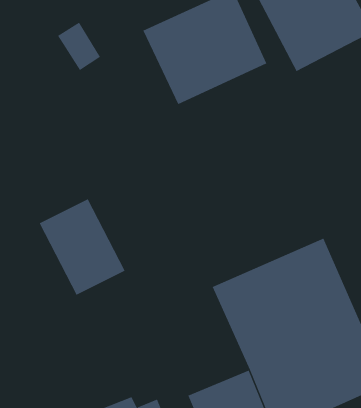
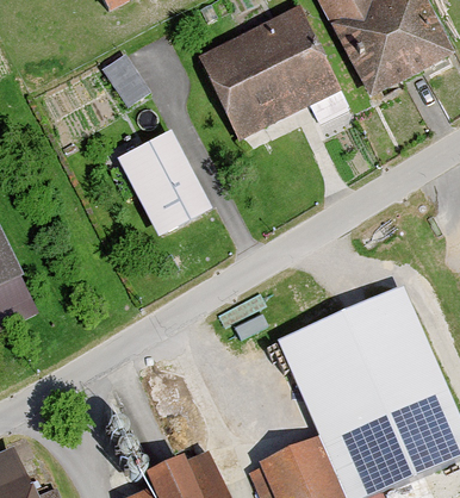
building: [39,199,125,295] -> [117,130,213,238]

